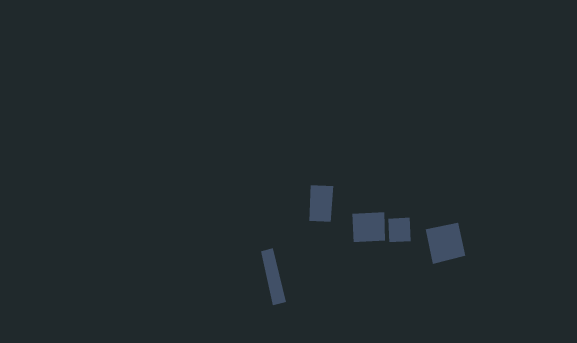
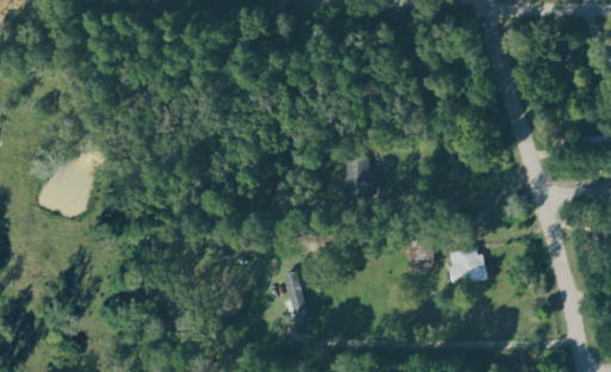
building: [309,185,334,222] -> [344,156,369,193]
building: [352,211,385,243] -> none

